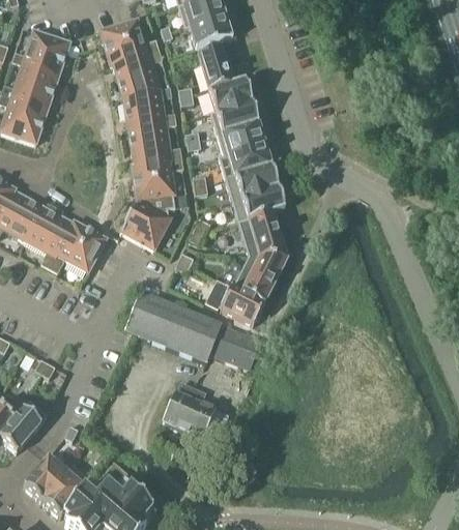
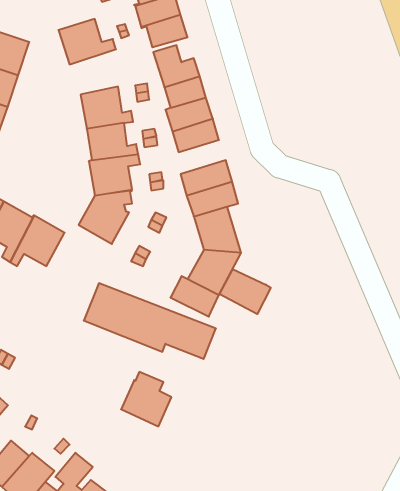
building: [114,51,163,97] -> none
building: [220,144,272,179] -> none
building: none -> [219,269,271,314]

